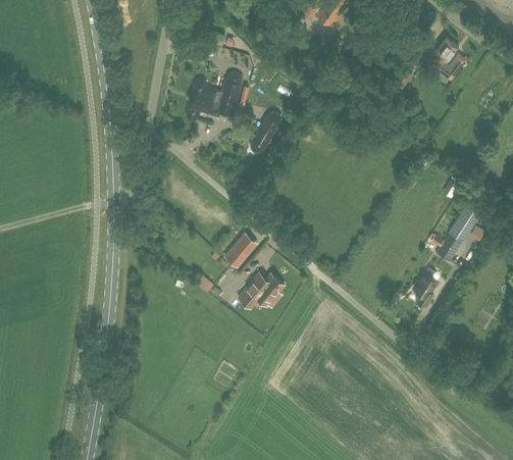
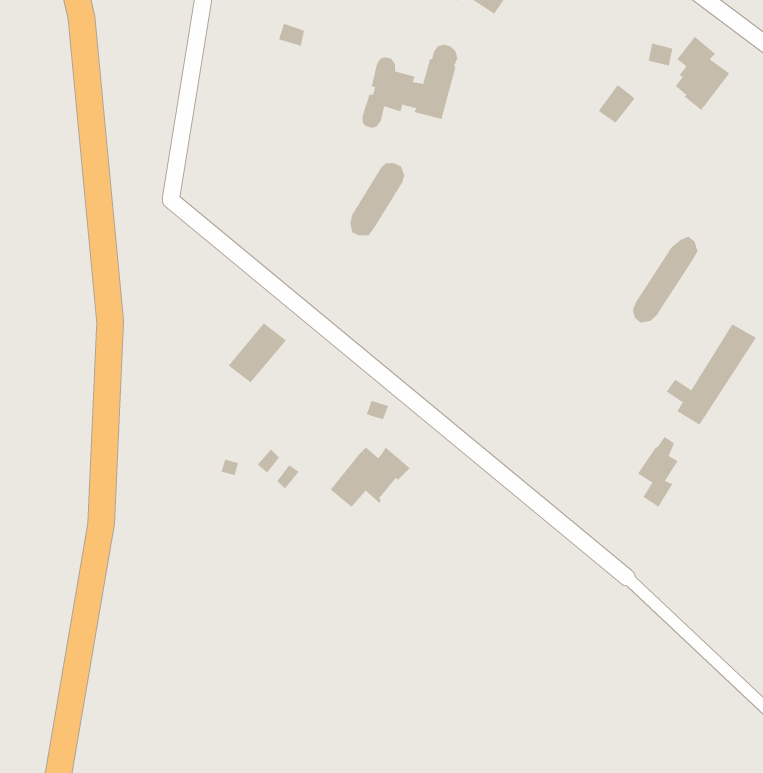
building: [186,71,241,119] -> [362,44,458,128]
building: none -> [632,236,698,324]
building: [223,233,257,267] -> [228,323,287,383]

